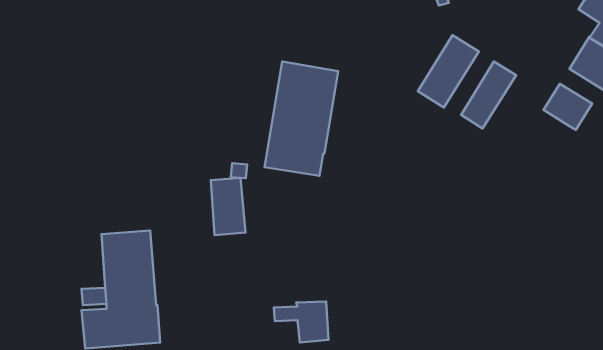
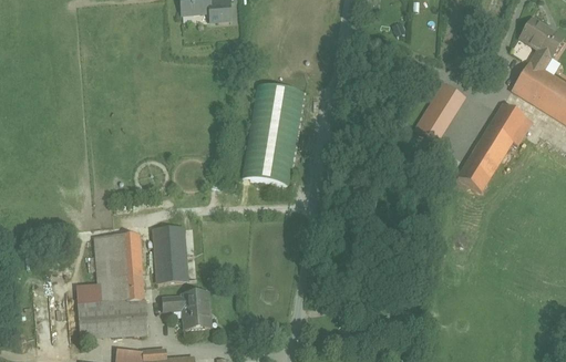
building: [418,35,479,107] -> [457,126,512,190]
building: [211,178,246,235] -> [155,230,186,281]
building: [274,301,329,342] -> [162,292,210,329]

